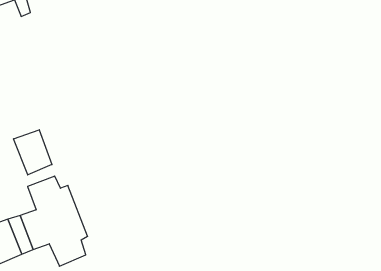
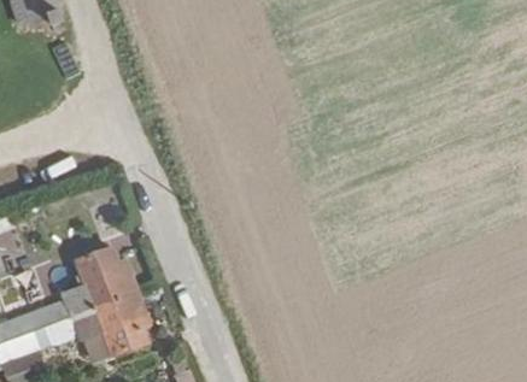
building: [14,130,52,175] -> none

